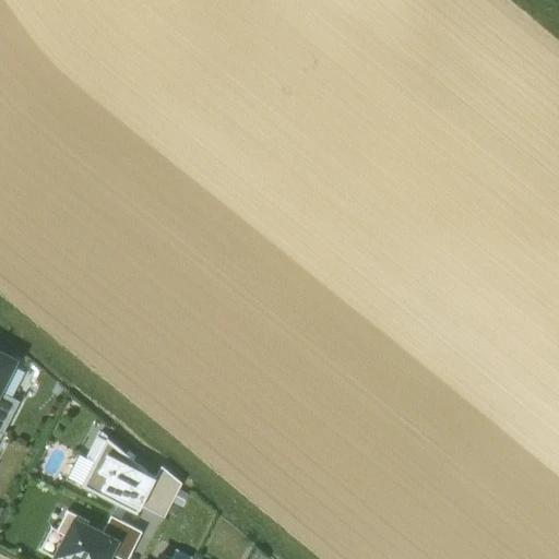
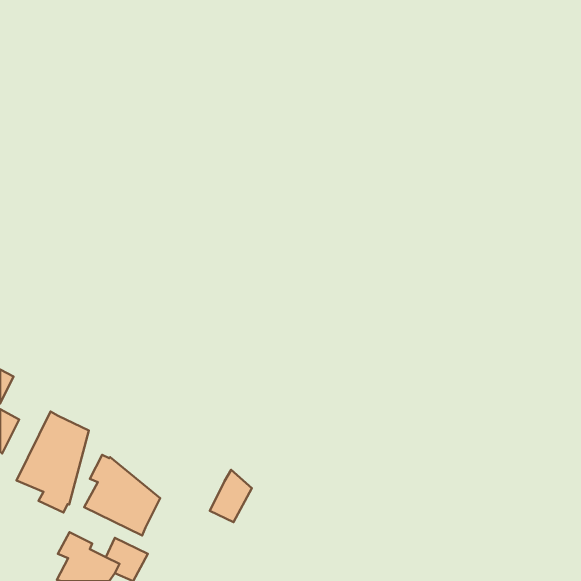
building: none -> [17,411,89,512]
building: [140,467,180,518] -> [210,470,252,522]

